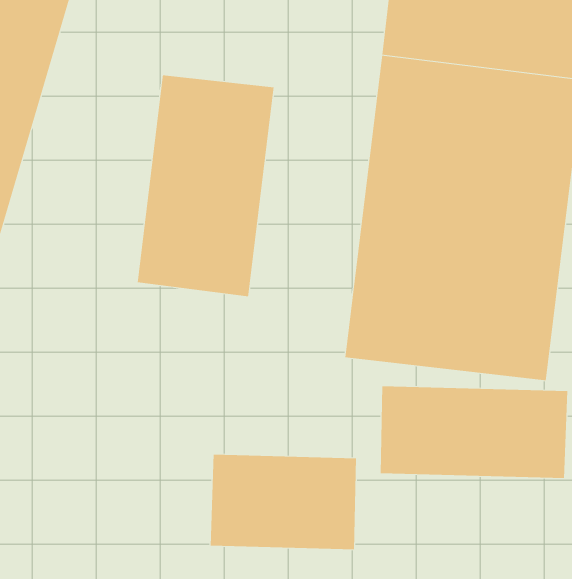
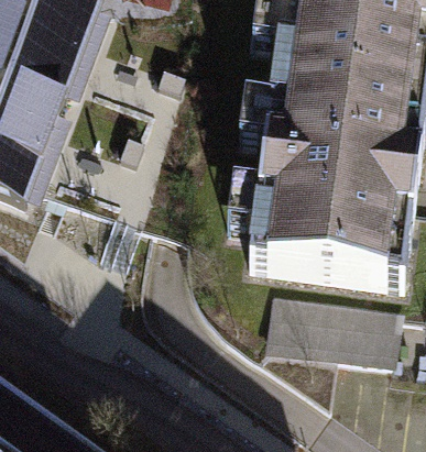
building: [137,74,274,297] -> none
building: [210,454,356,550] -> none

